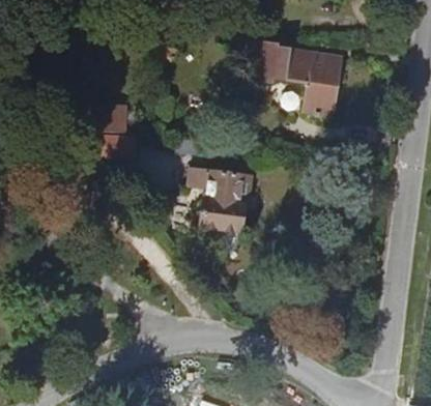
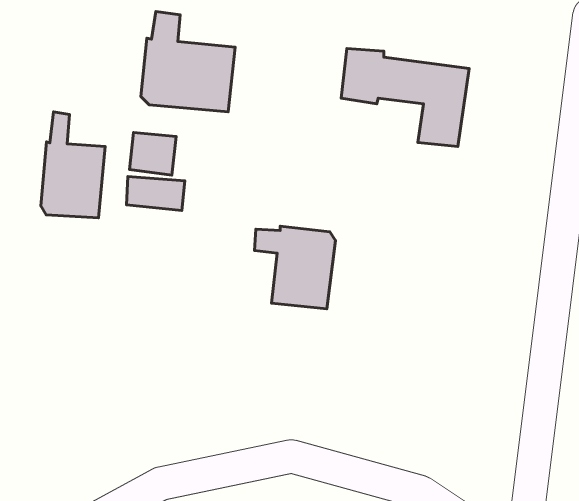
building: none -> [141,11,235,112]
building: none -> [41,112,105,218]

